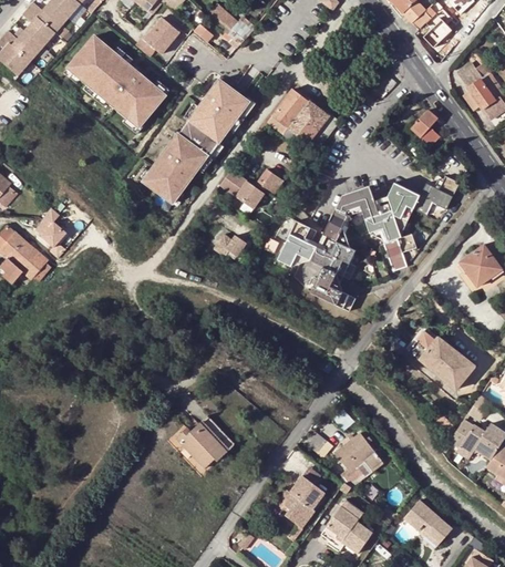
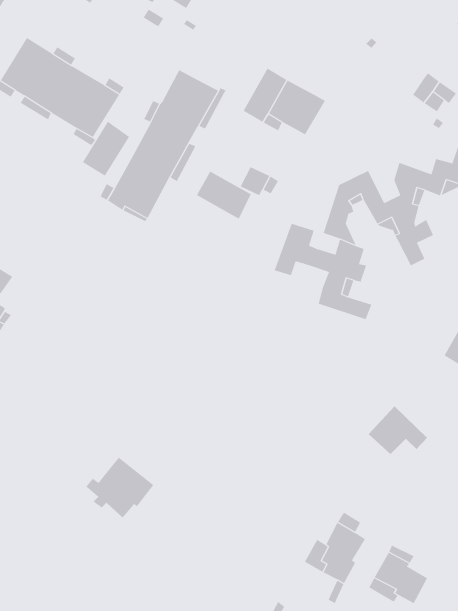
building: [136,17,181,56] -> none
building: none -> [82,121,130,177]
building: [214,234,246,259] -> none
building: [176,415,234,467] -> [86,457,154,518]
building: [333,432,383,473] -> [368,405,428,455]

